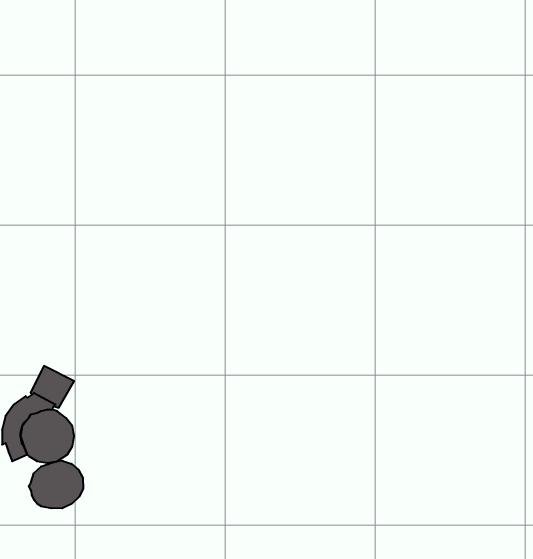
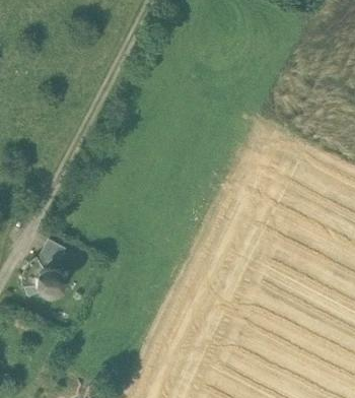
building: [29,460,83,508] -> none

